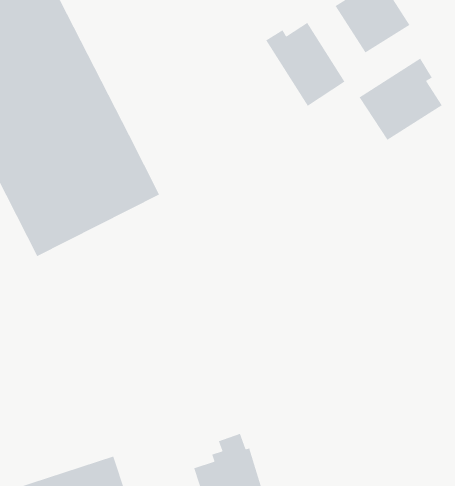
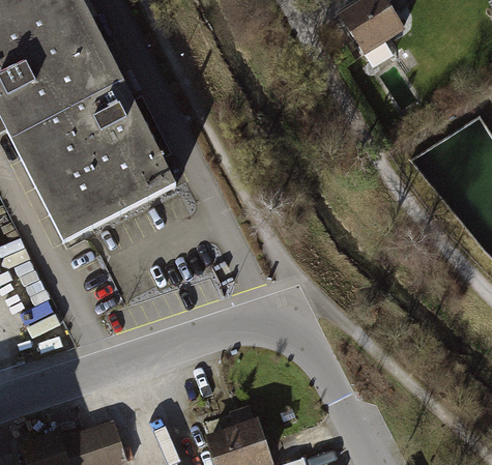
building: [265,22,346,107] -> none
building: [359,57,443,141] -> none

